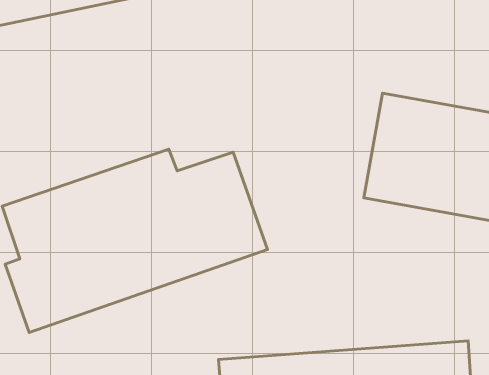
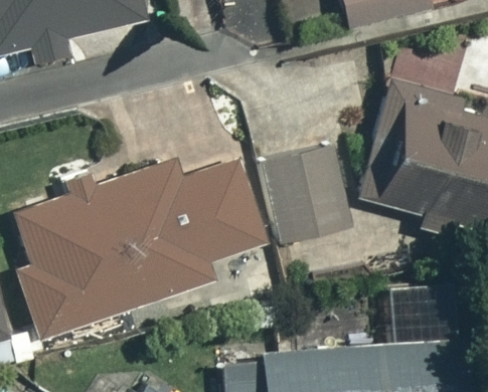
building: none -> [266,149,348,246]

